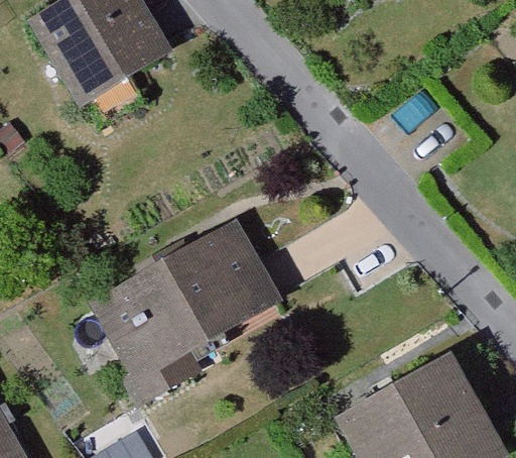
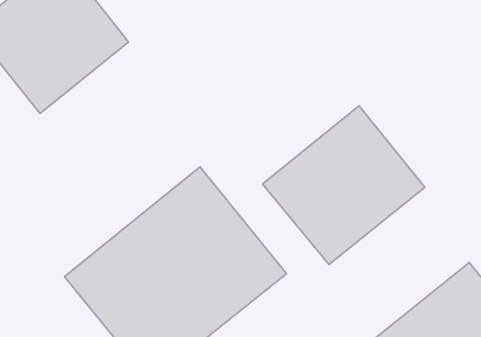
building: none -> [263,106,425,264]

